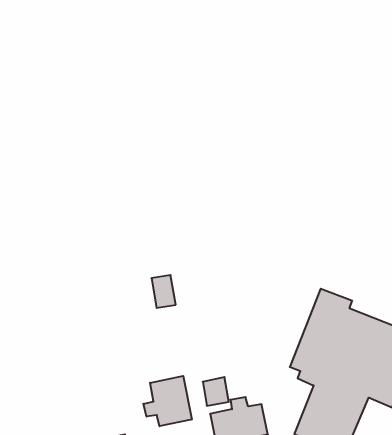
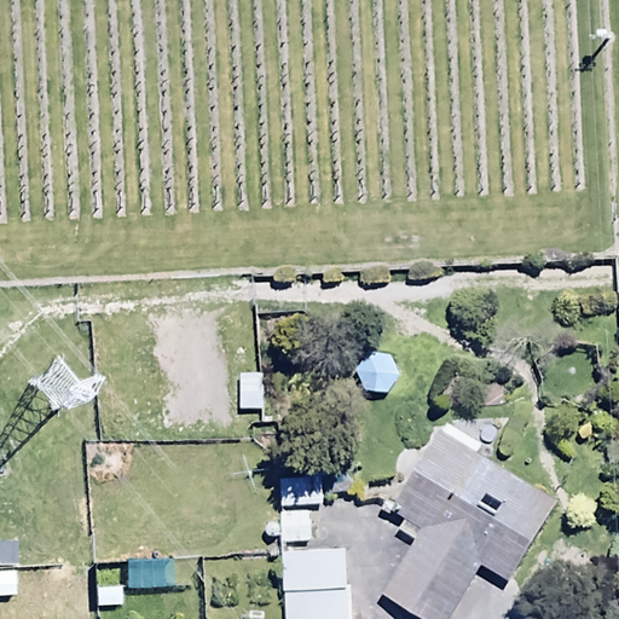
building: [143,376,192,426] -> none

